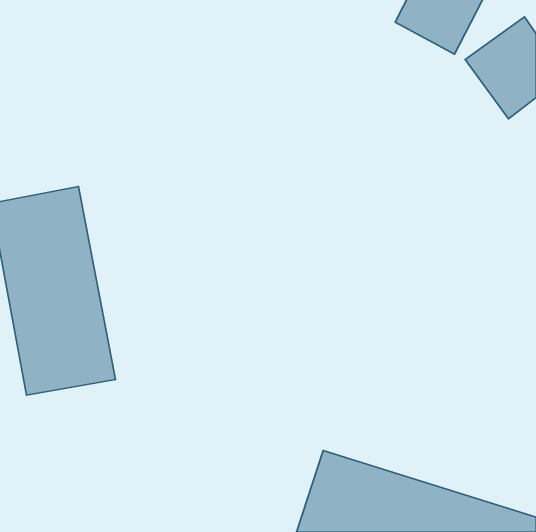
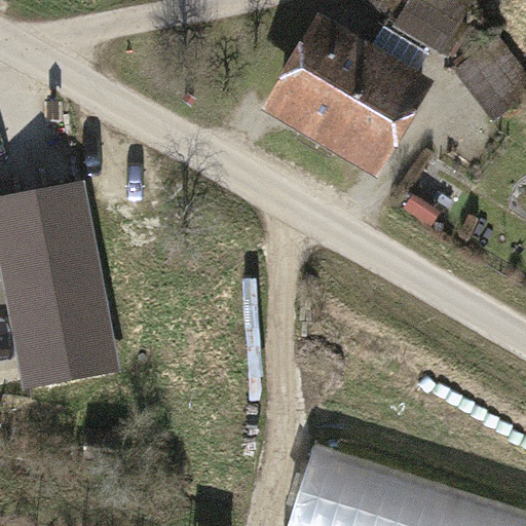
building: none -> [269,24,437,182]

